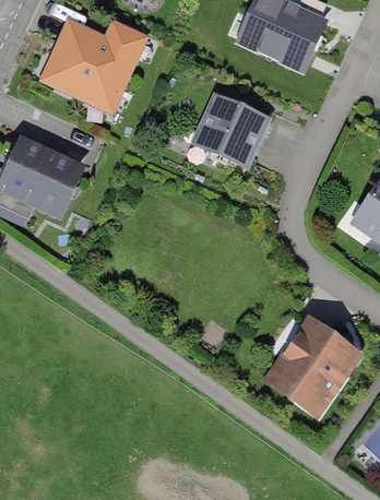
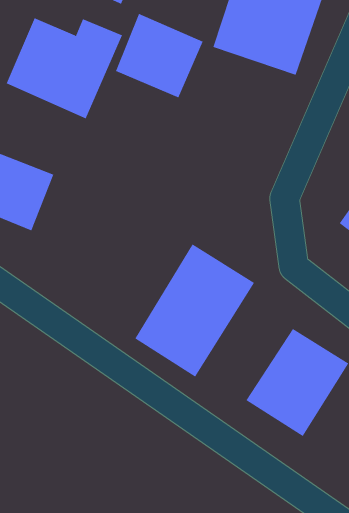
building: [190,94,272,172] -> [115,13,204,98]
building: none -> [134,243,255,377]

